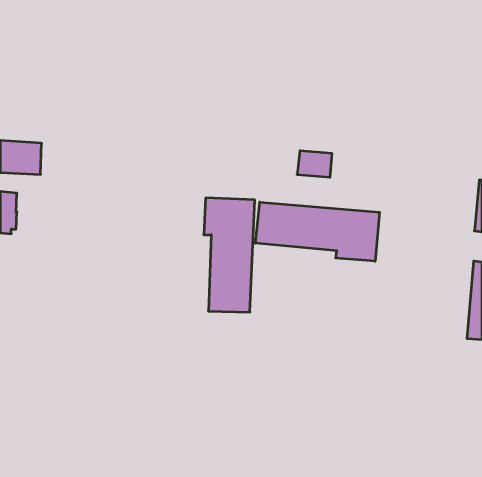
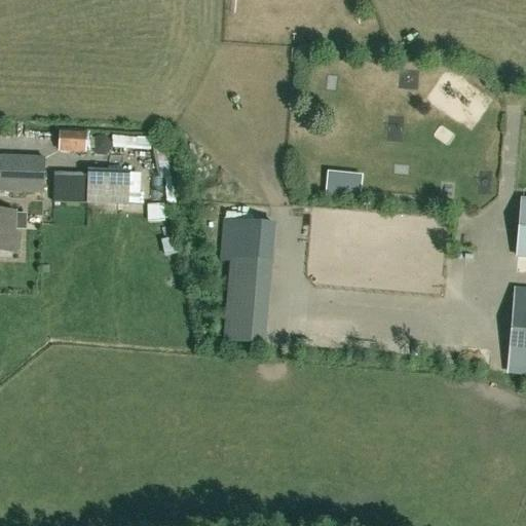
building: none -> [59,128,86,151]
building: none -> [51,172,128,202]
building: [255,202,379,261] -> none

